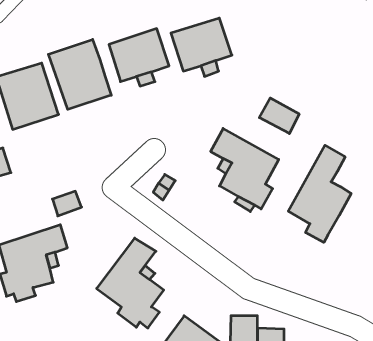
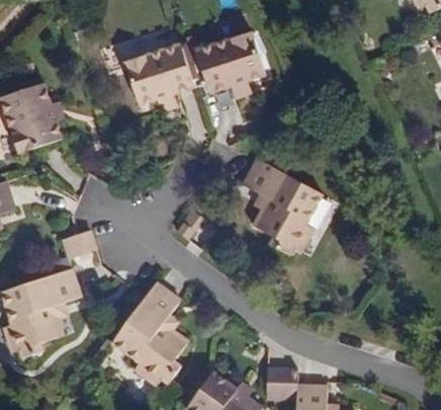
building: [48,39,111,109] -> none
building: [259,98,299,134] -> none
building: [288,145,351,242] -> none

